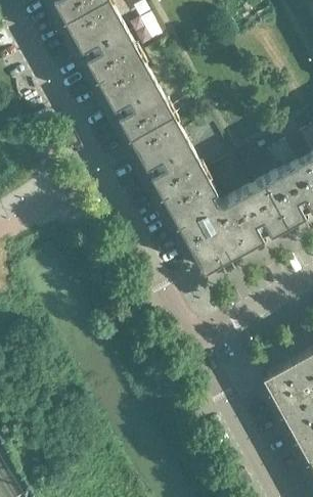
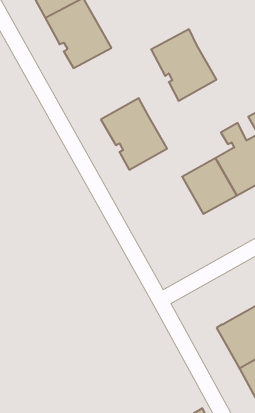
building: [97,57,173,140] -> [151,29,216,101]
building: [162,174,248,274] -> none

